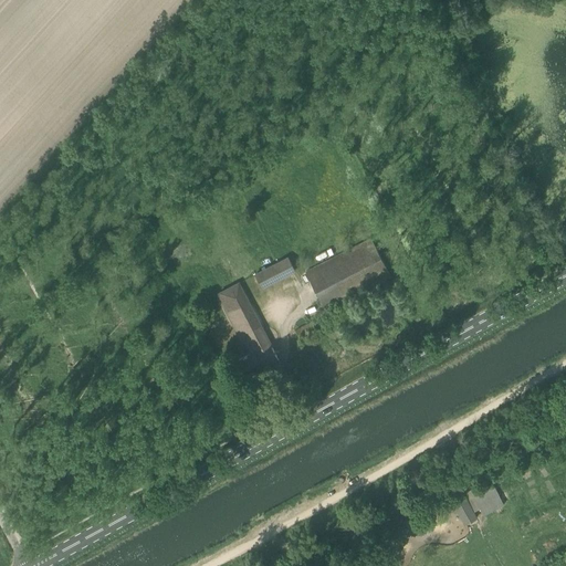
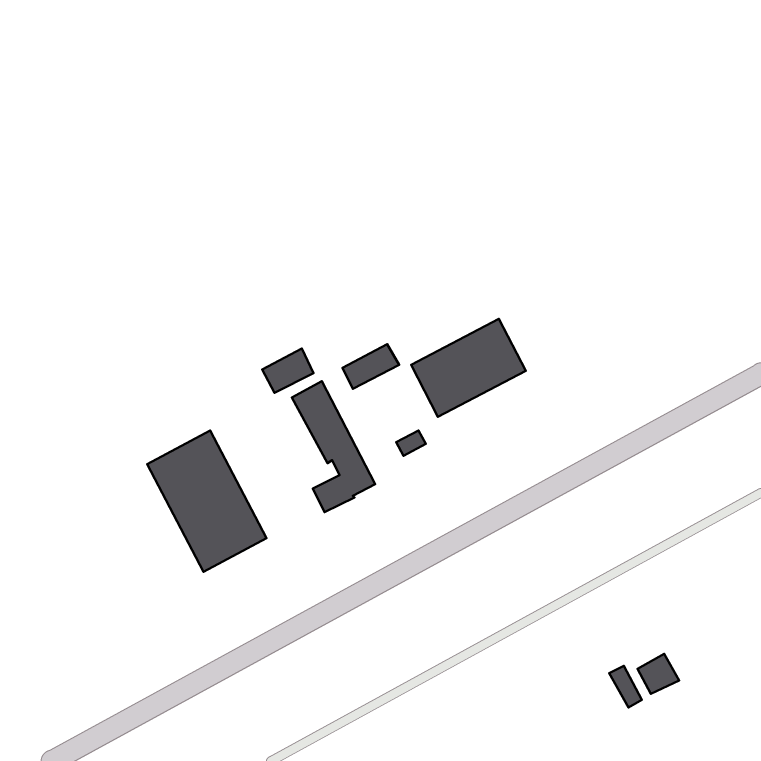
building: none -> [262,349,314,393]
building: none -> [147,430,267,572]

